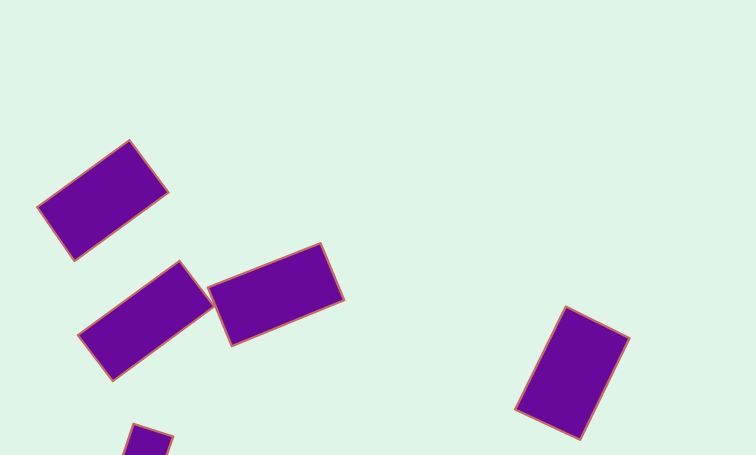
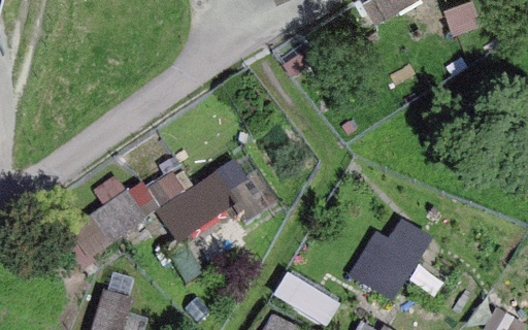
building: [37,140,169,261] -> none

